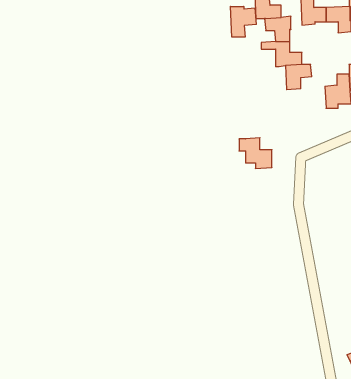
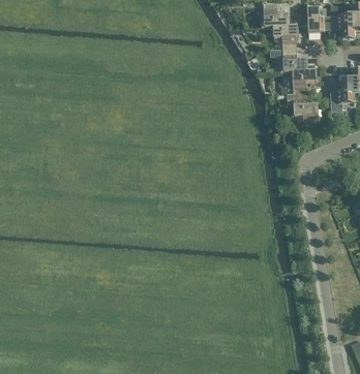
building: [230,6,256,37] -> none
building: [239,138,272,168] -> [288,94,319,123]

